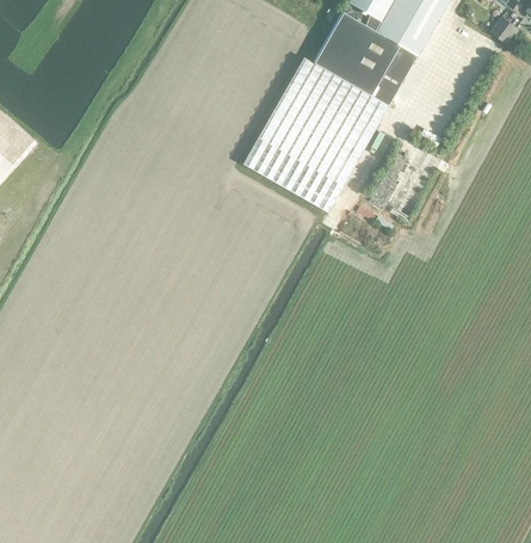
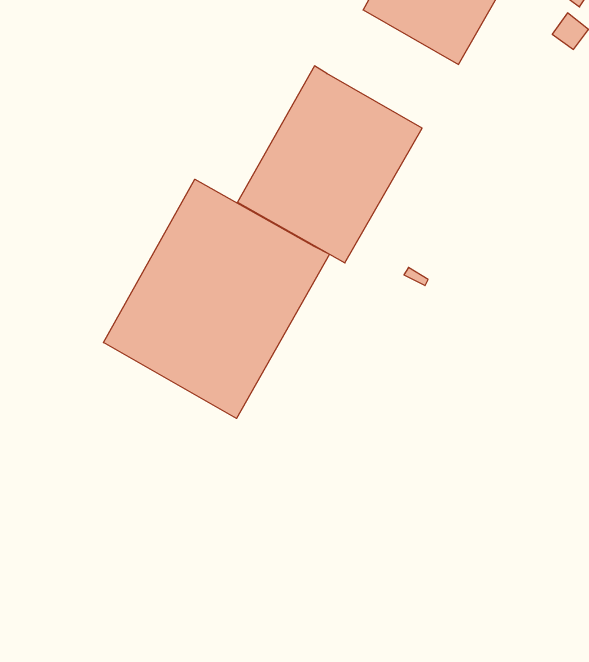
building: [313,13,416,106] -> none
building: none -> [103,179,330,418]

